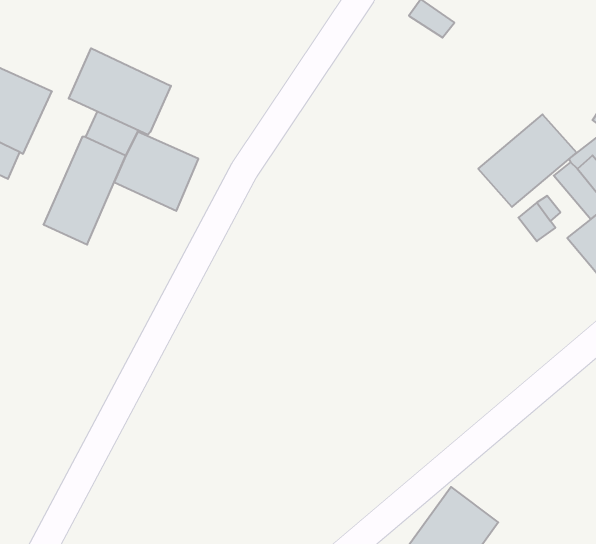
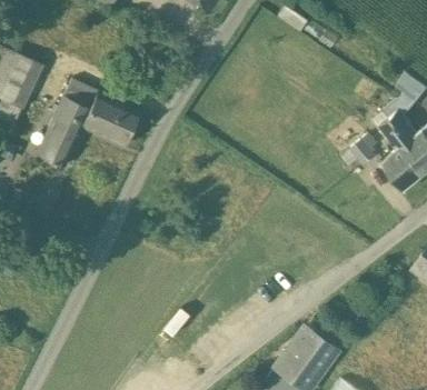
building: [69,48,171,135] -> none
building: [478,114,576,207] -> none

